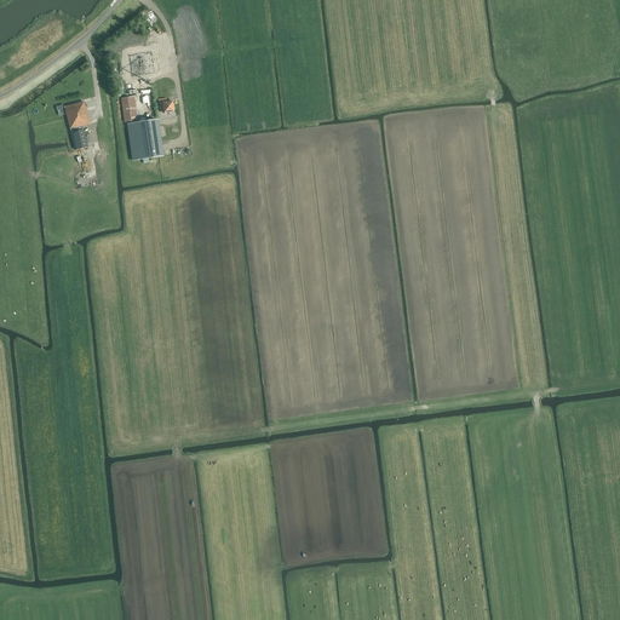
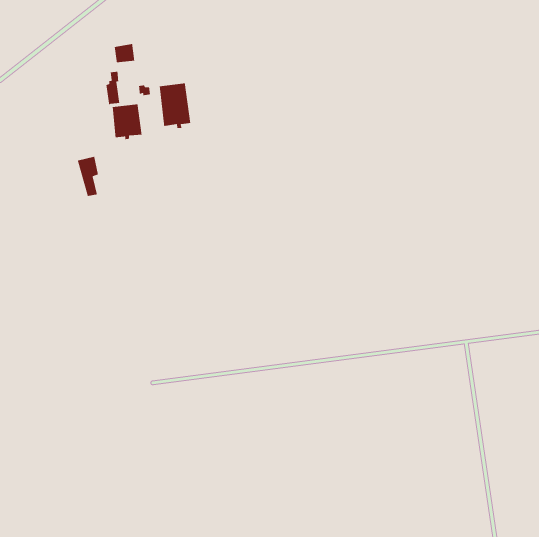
building: none -> [159,83,191,129]
building: [64,101,90,148] -> [77,156,99,197]

